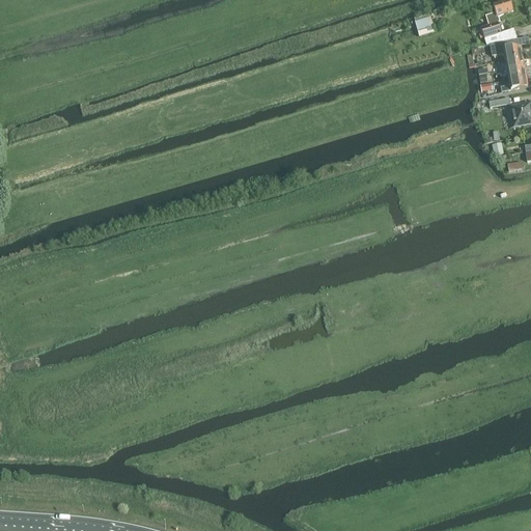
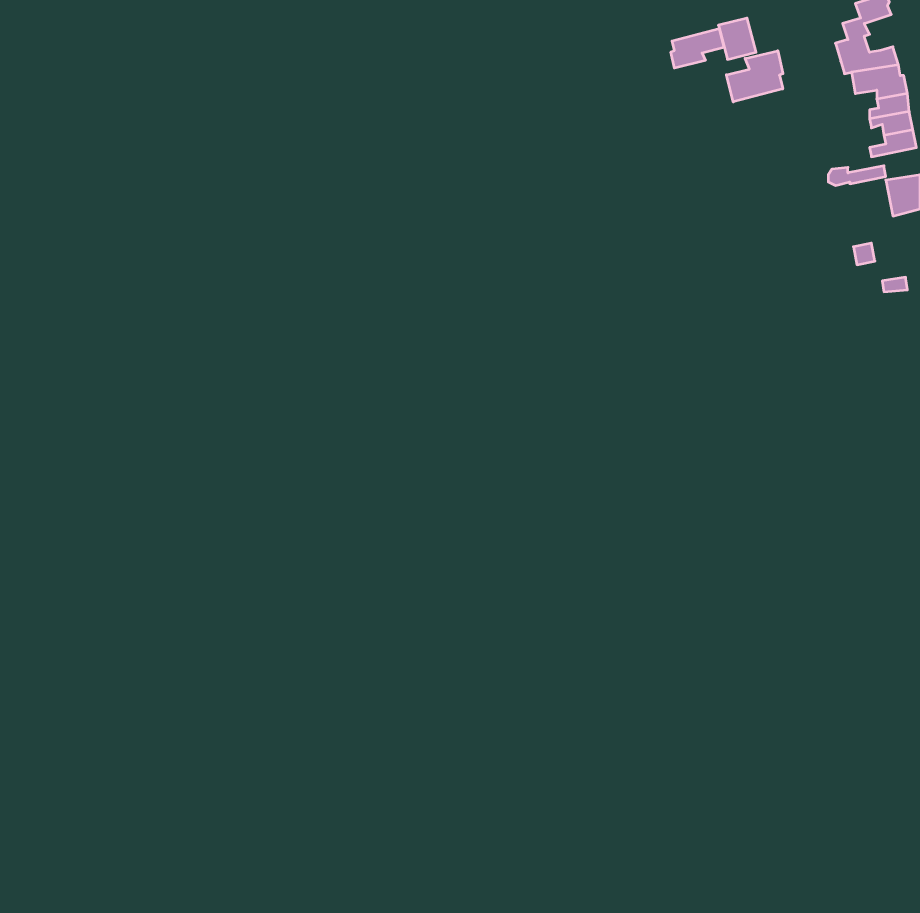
building: none -> [671,28,724,68]
building: none -> [726,51,783,102]

